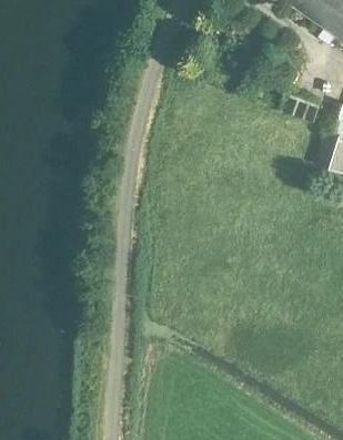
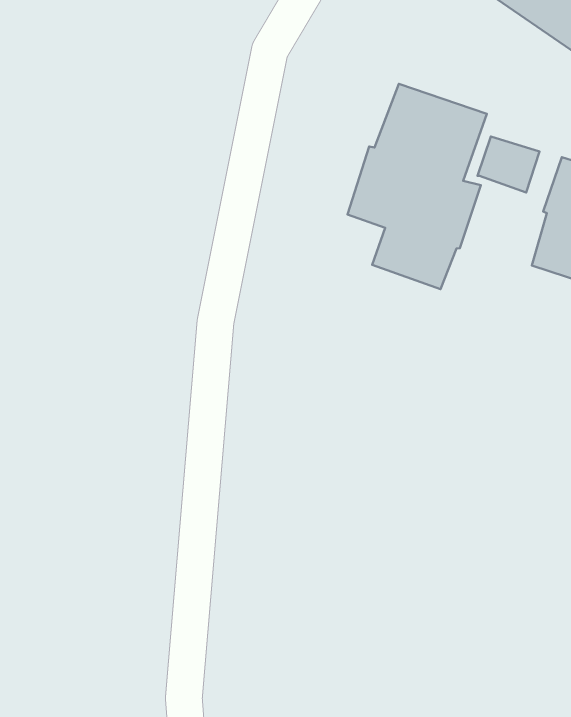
building: none -> [347,84,487,289]

